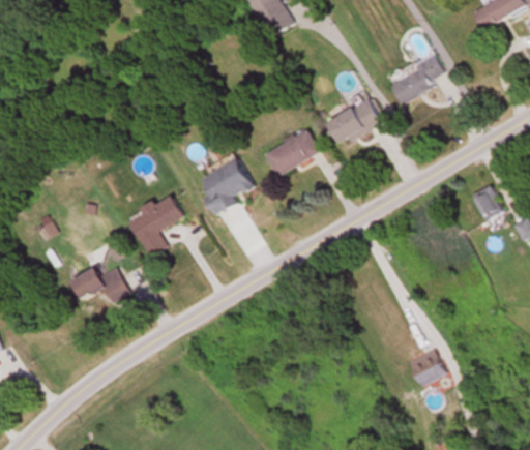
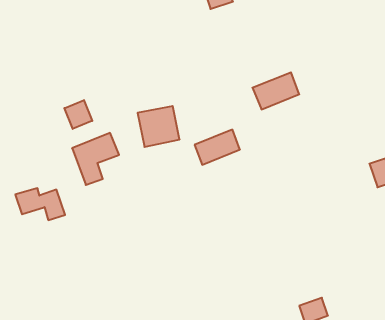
building: [391,55,443,104] -> none
building: [266,130,319,175] -> [195,130,240,165]
building: none -> [64,100,92,129]

